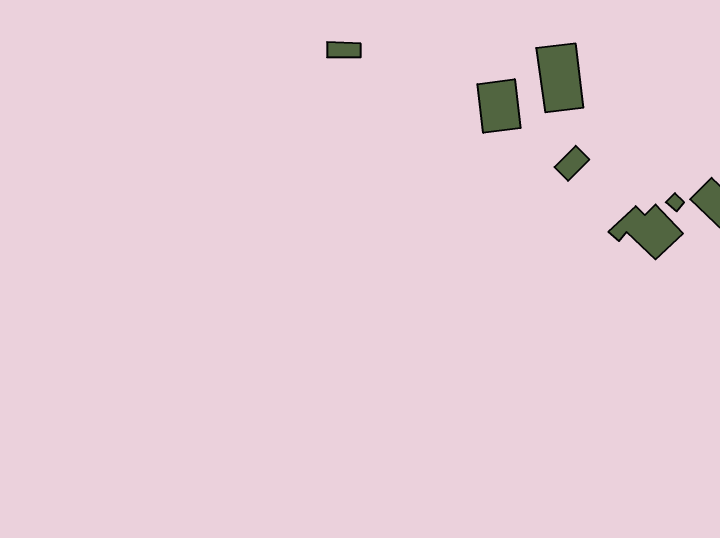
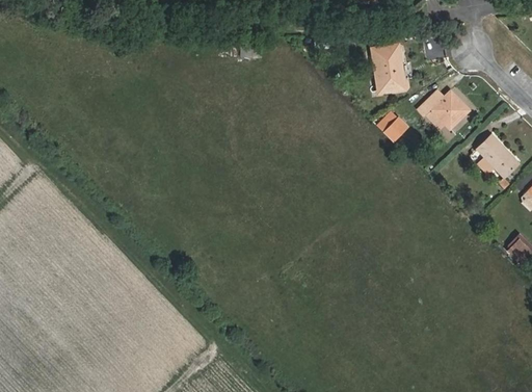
building: [477,79,521,133] -> none
building: [608,204,683,259] -> [422,97,473,134]

